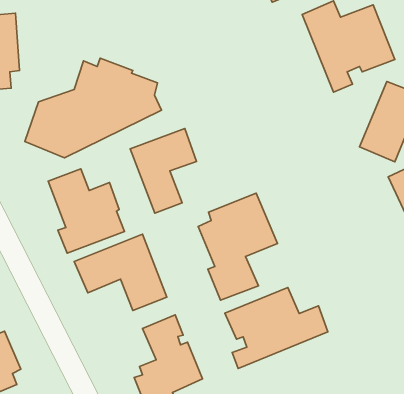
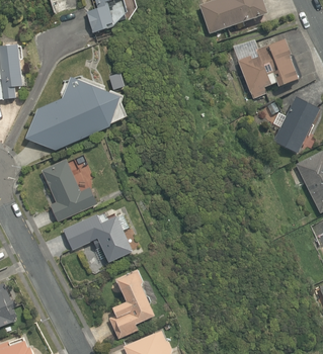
building: [130,128,196,213] -> none
building: [198,193,277,300] -> none
building: [225,288,328,368] -> none

